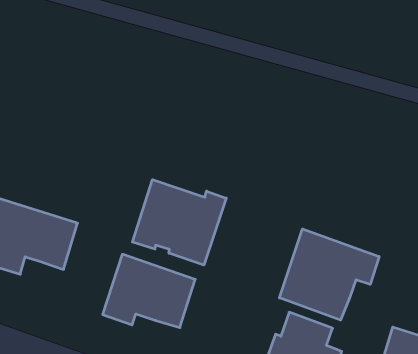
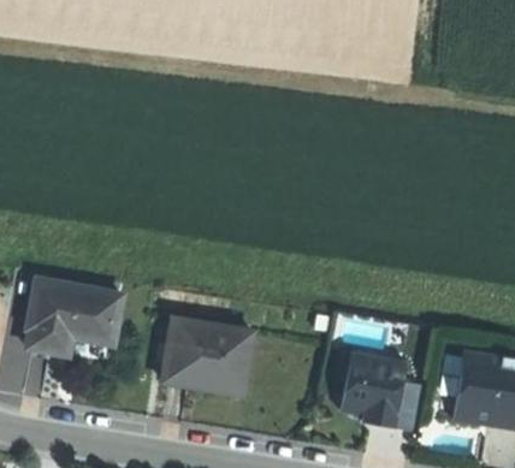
building: [132,180,226,265] -> none
building: [279,229,379,320] -> none

